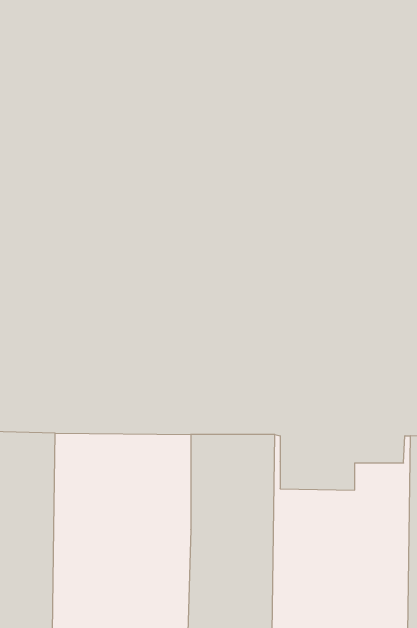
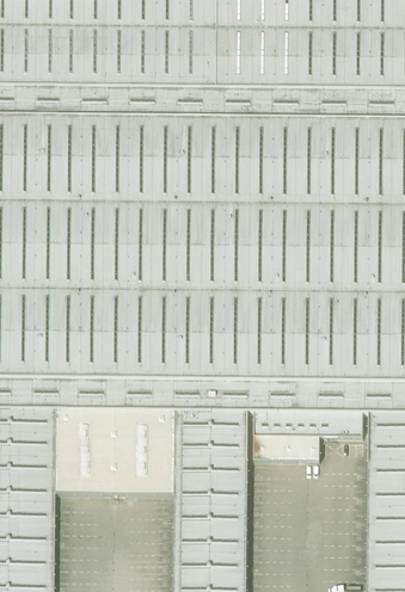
building: none -> [54,412,174,497]

